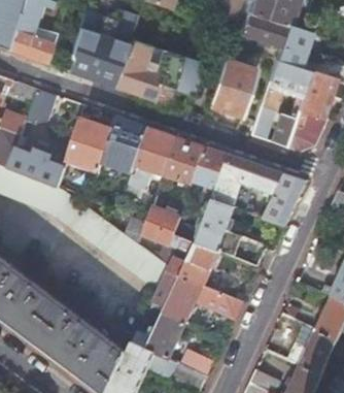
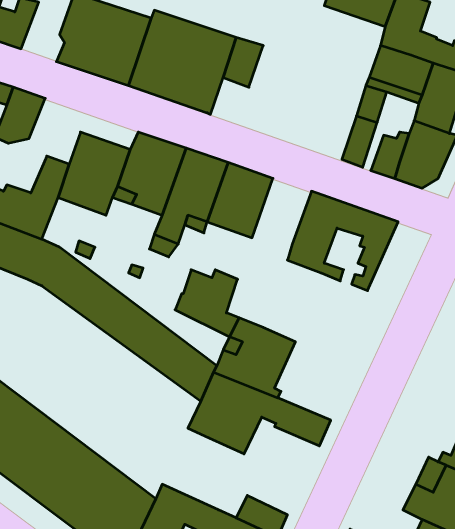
building: [206,59,253,117] -> none
building: [193,148,231,190] -> none
building: [267,175,307,227] -> none
building: [200,200,268,268] -> none
building: [135,315,187,361] -> none

